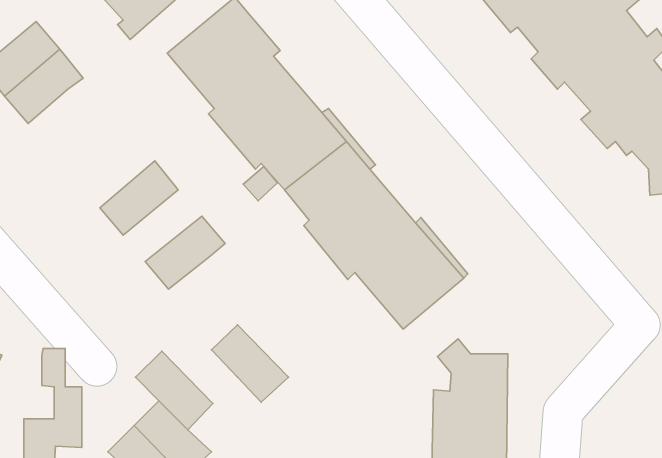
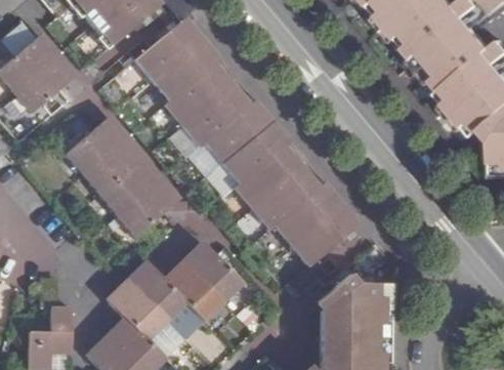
building: none -> [66,118,125,174]
building: none -> [101,161,160,214]
building: none -> [186,242,243,300]
building: none -> [130,262,186,320]

